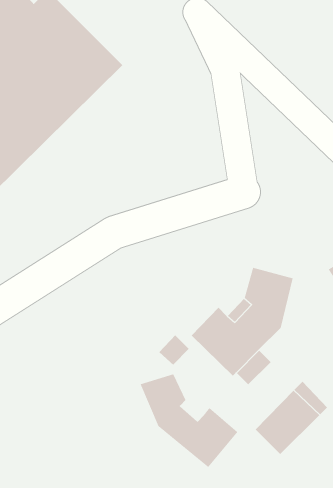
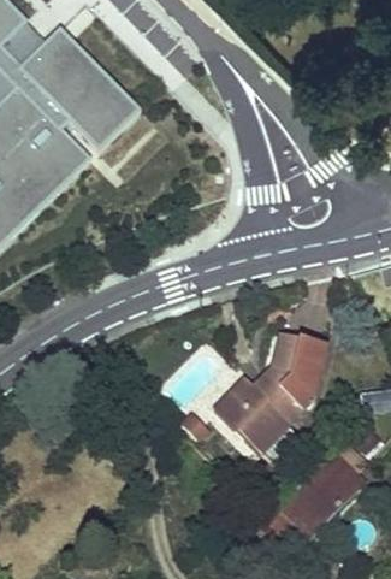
building: [140,373,238,468] -> none

